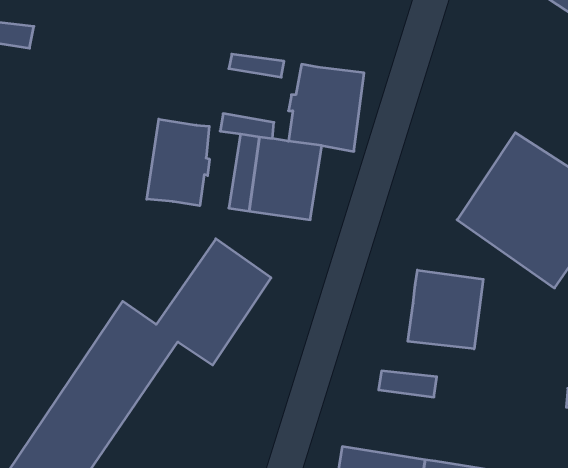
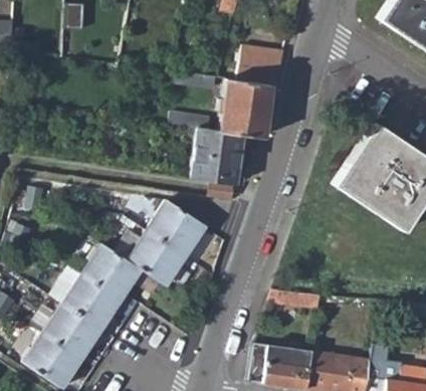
building: none -> [238,46,286,85]
building: [147,119,209,206] -> none
building: [408,270,483,349] -> none

